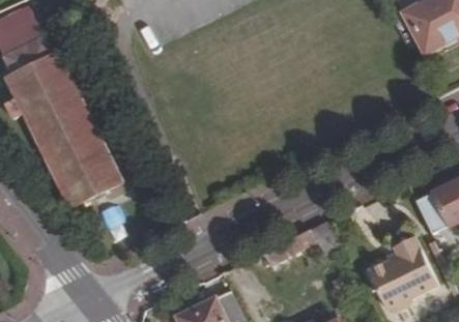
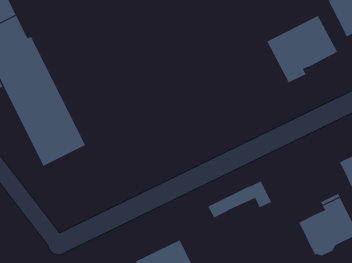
building: none -> [267,15,338,83]

